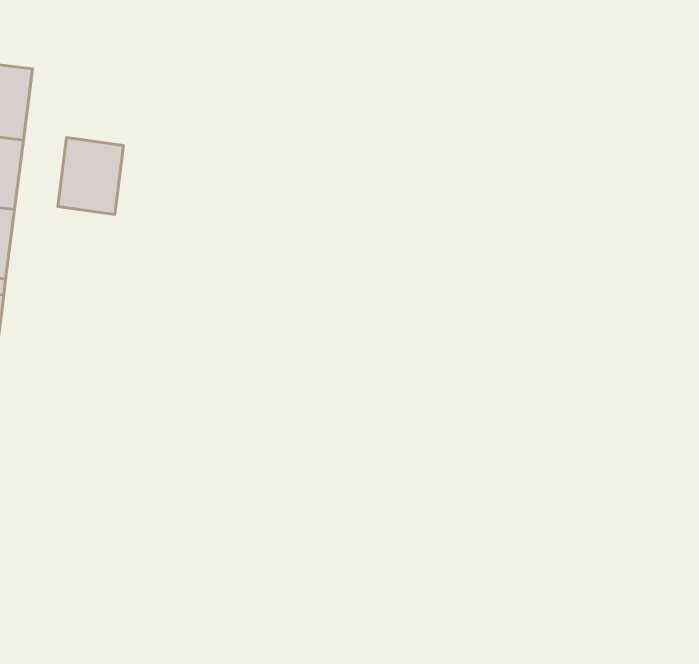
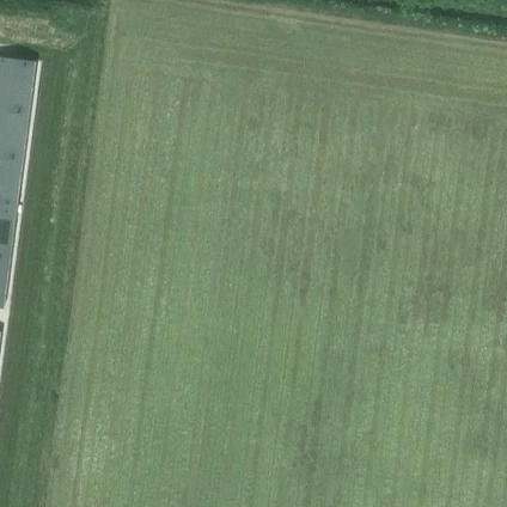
building: [58,138,124,215] -> none

